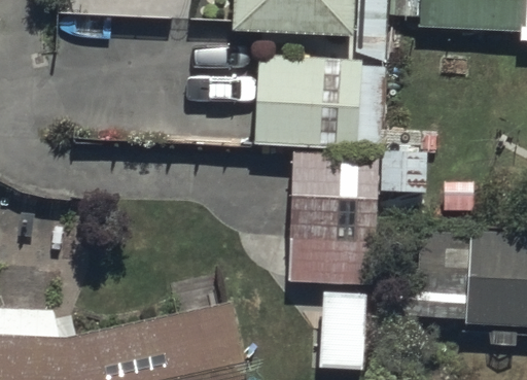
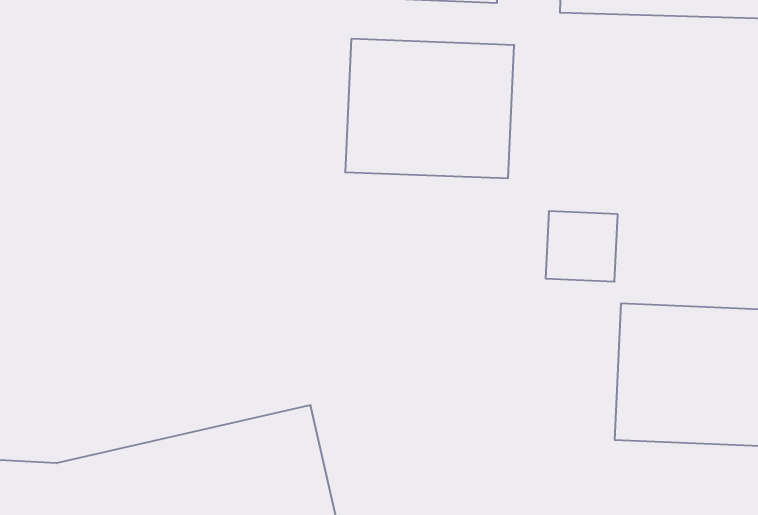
building: [288,156,379,286] -> none

